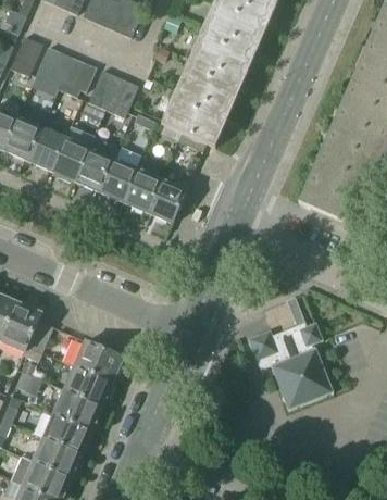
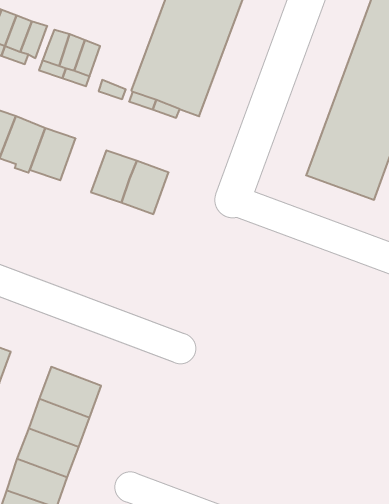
building: [100,159,138,202] -> none
building: [247,296,332,409] -> none

